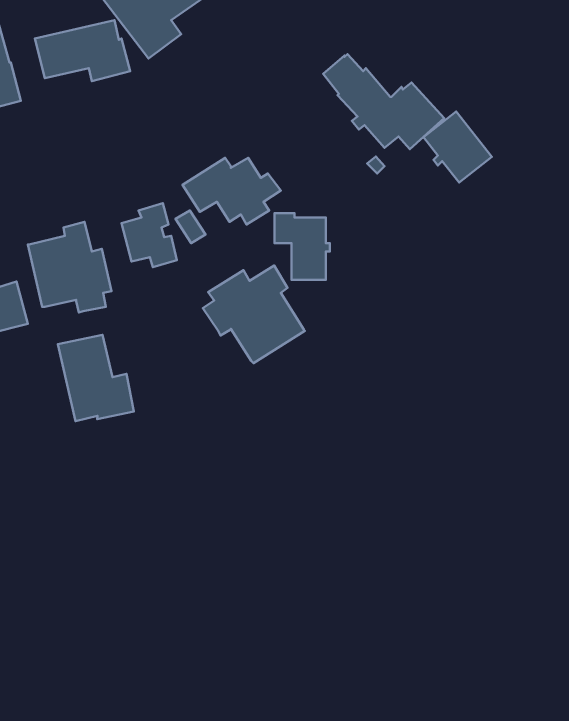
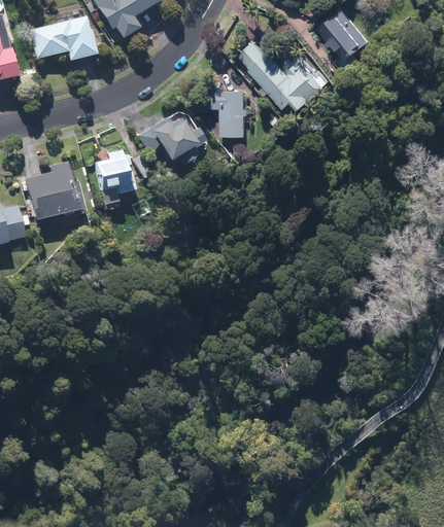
building: [424,112,492,183] -> [316,10,366,62]
building: [275,213,330,280] -> [212,86,252,135]
building: [203,265,305,363] -> none
building: [58,335,134,421] -> none

